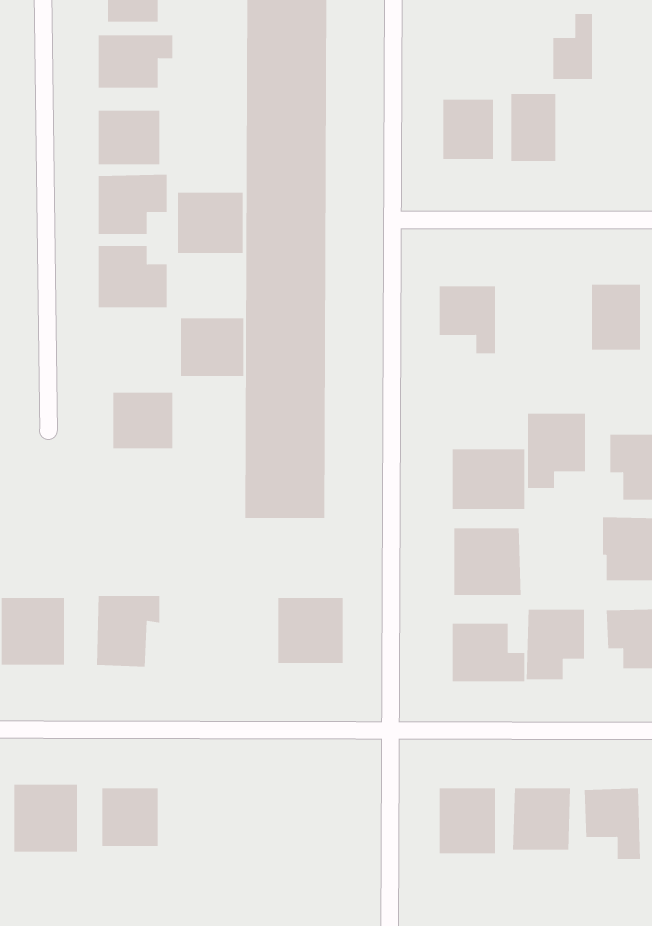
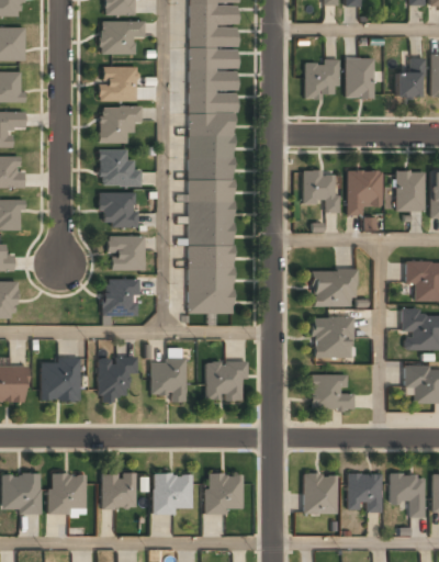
building: [553,14,593,80] -> [396,57,420,97]
building: [178,192,243,254] -> none
building: [180,318,244,377] -> [100,192,138,227]
building: [527,413,586,488] -> [347,170,382,215]
building: none -> [102,279,137,315]
building: none -> [150,360,185,401]
building: [526,609,584,680] -> none
building: none -> [204,473,241,514]
building: none -> [153,474,190,512]

